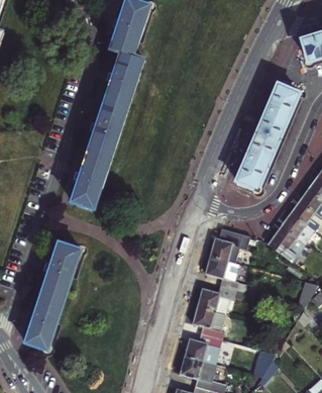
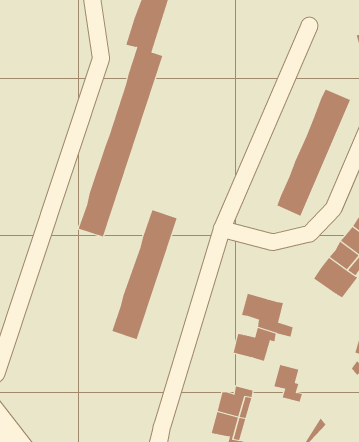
building: [212,229,252,264] -> none
building: [25,244,80,353] -> [112,209,177,340]
building: [195,306,219,337] -> [273,365,303,402]

